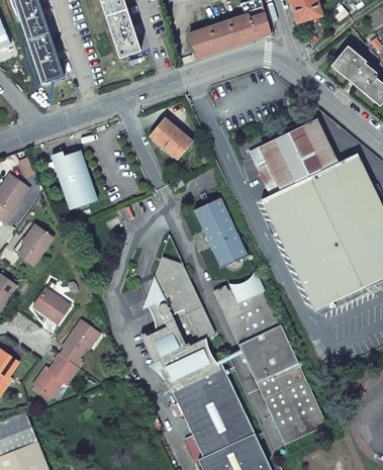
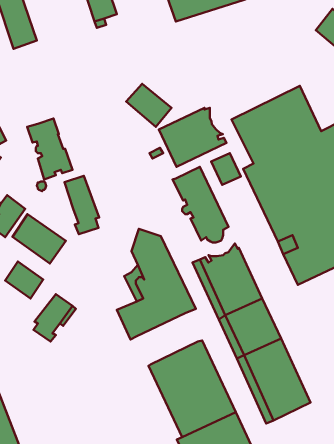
building: none -> [159,108,227,167]
building: none -> [211,153,241,185]
building: none -> [64,176,99,234]
building: none -> [12,214,66,264]
building: [160,338,218,387] -> none
building: [33,353,79,396] -> none

